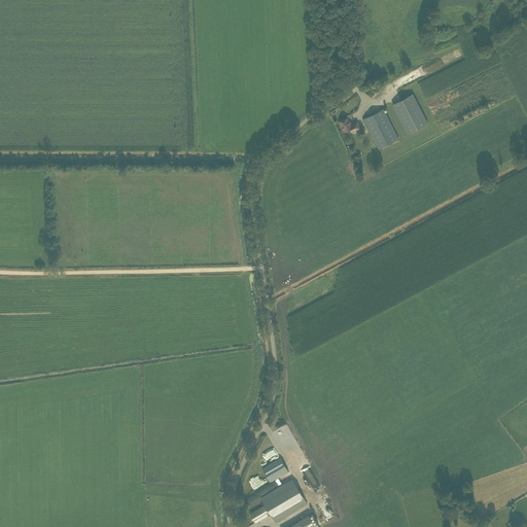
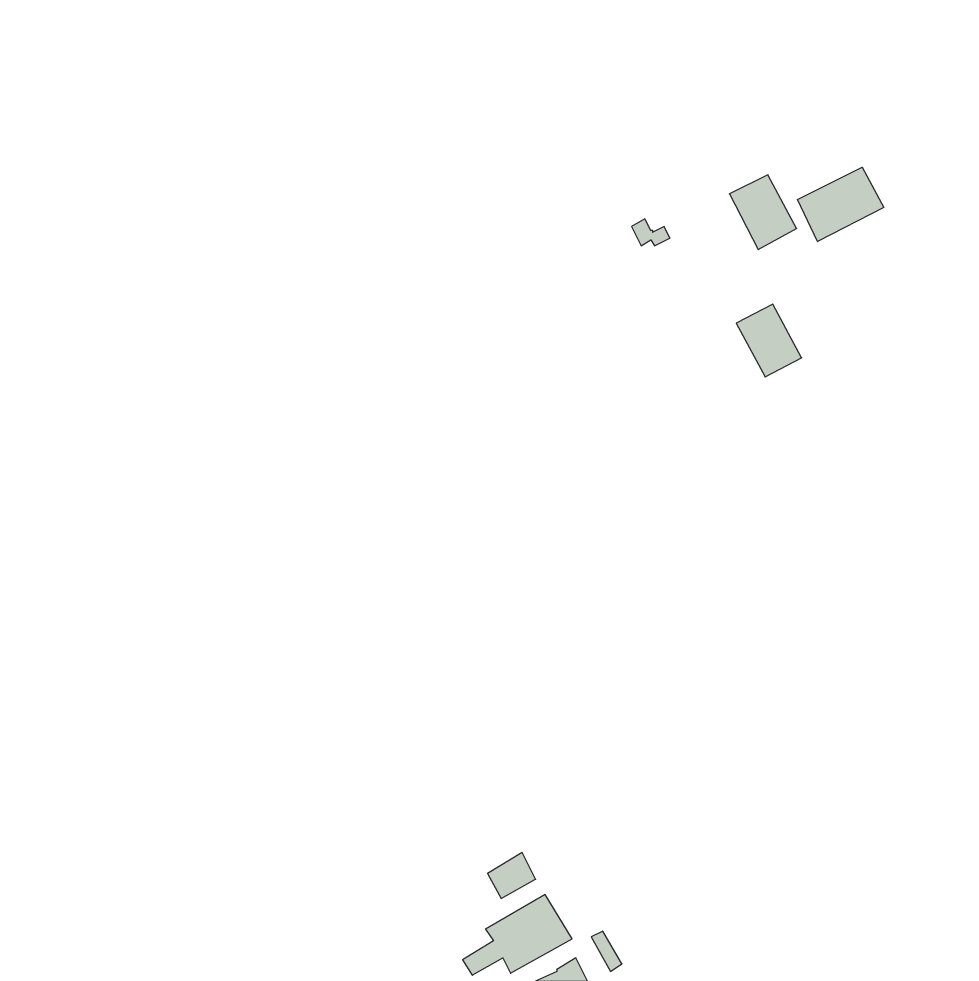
building: none -> [797,167,884,242]
building: [362,109,397,148] -> [736,304,802,377]

